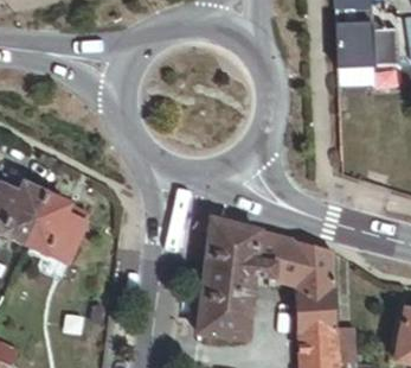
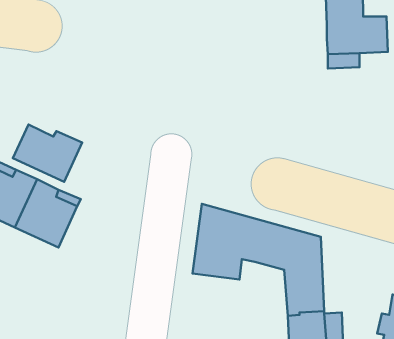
building: none -> [13,125,82,182]
building: [199,288,251,336] -> none

